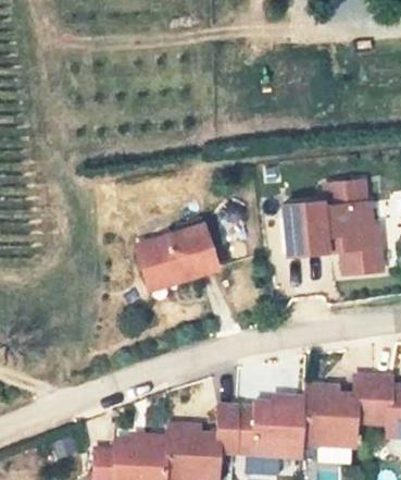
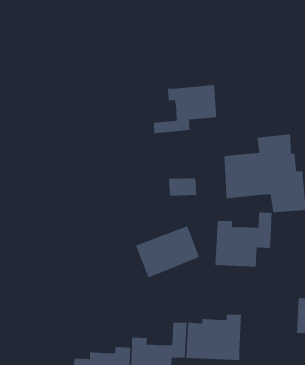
building: none -> [153,84,217,134]
building: [135,233,215,298] -> [135,226,200,278]
building: [302,377,374,445] -> [215,212,272,267]

